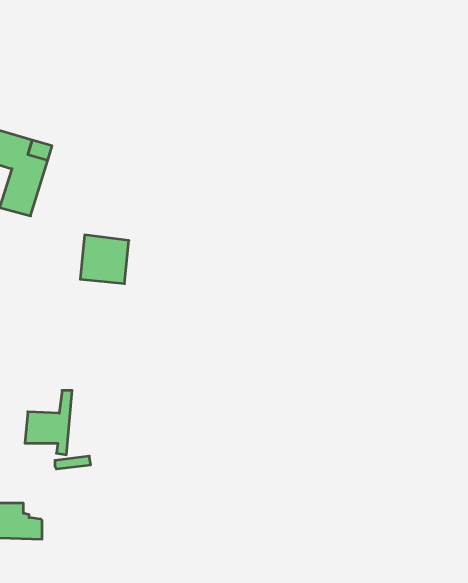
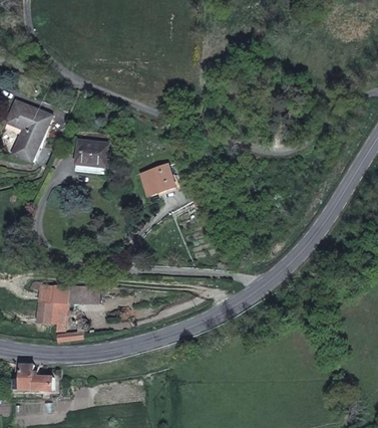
building: none -> [141,165,173,194]
building: [80,235,129,284] -> [75,138,109,172]

